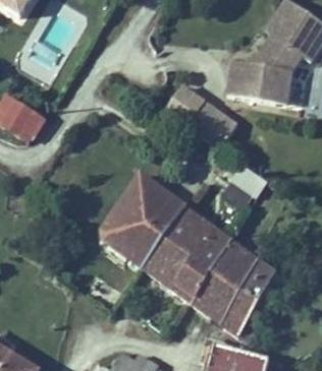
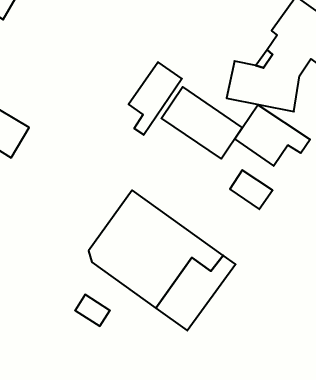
building: none -> [129,62,182,135]
building: none -> [235,105,310,166]
building: [190,241,275,336] -> none

